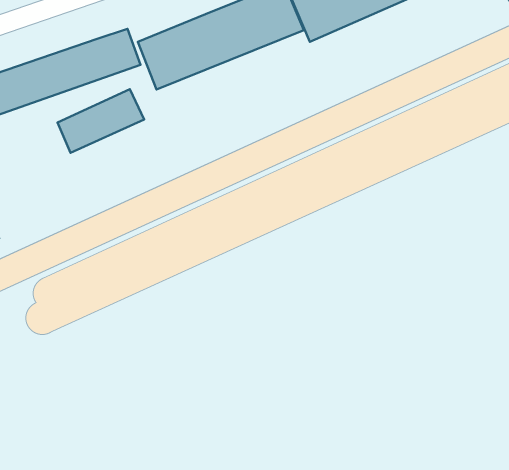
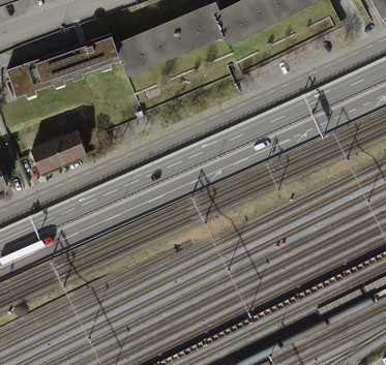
building: [58,89,144,153] -> [28,128,90,174]

